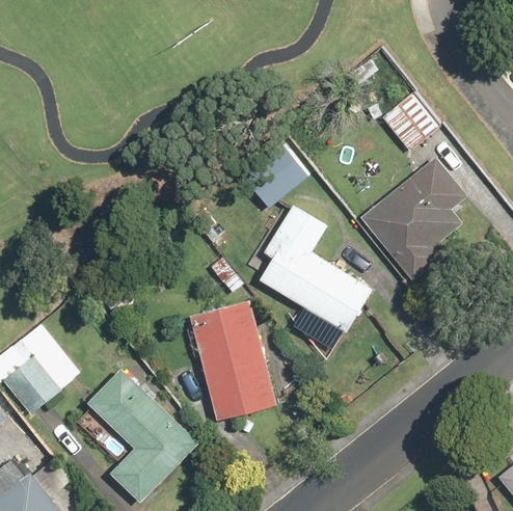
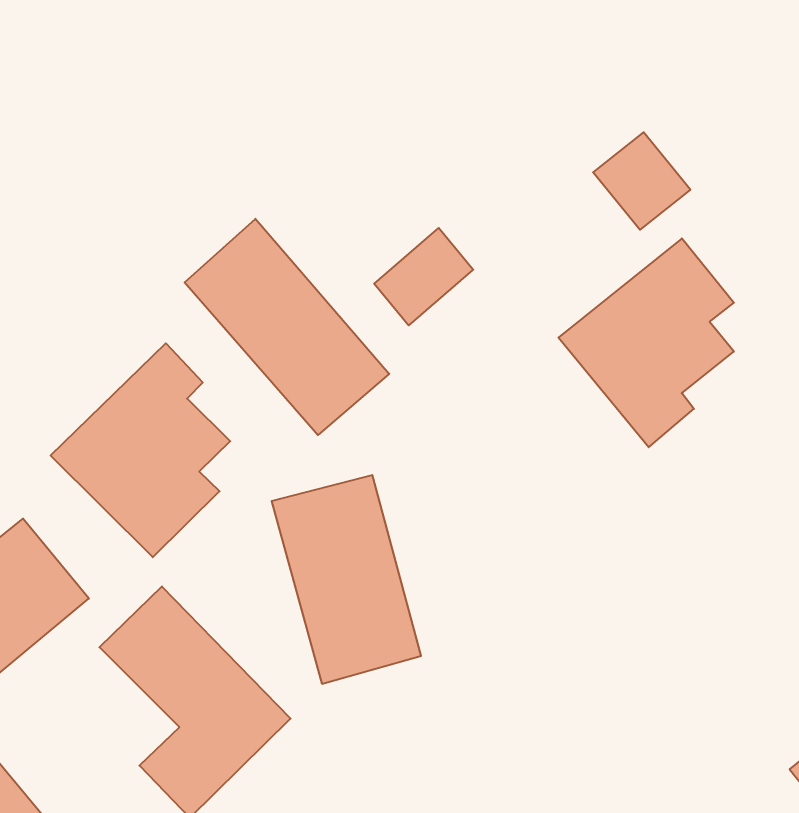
building: none -> [185,219,389,435]
building: [258,206,375,335] -> none
building: none -> [51,343,230,557]

